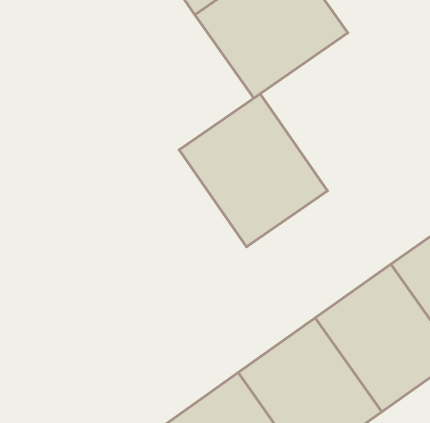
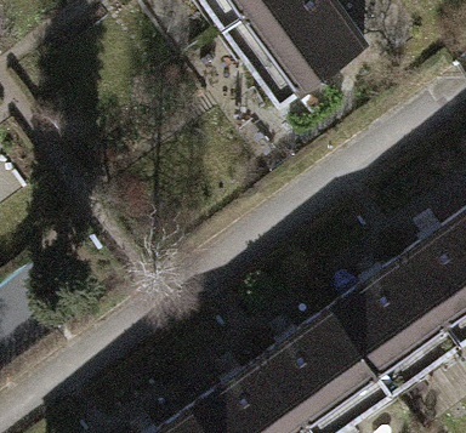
building: [179,94,327,247] -> none

